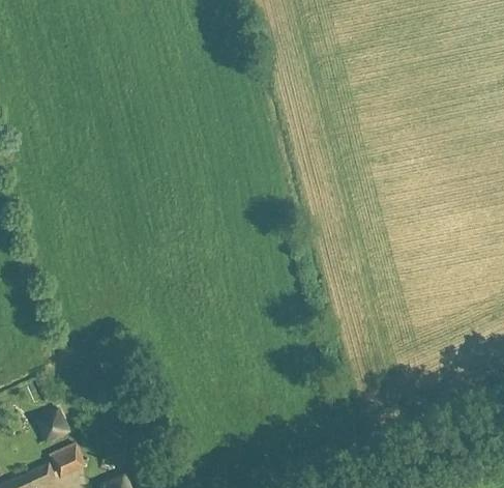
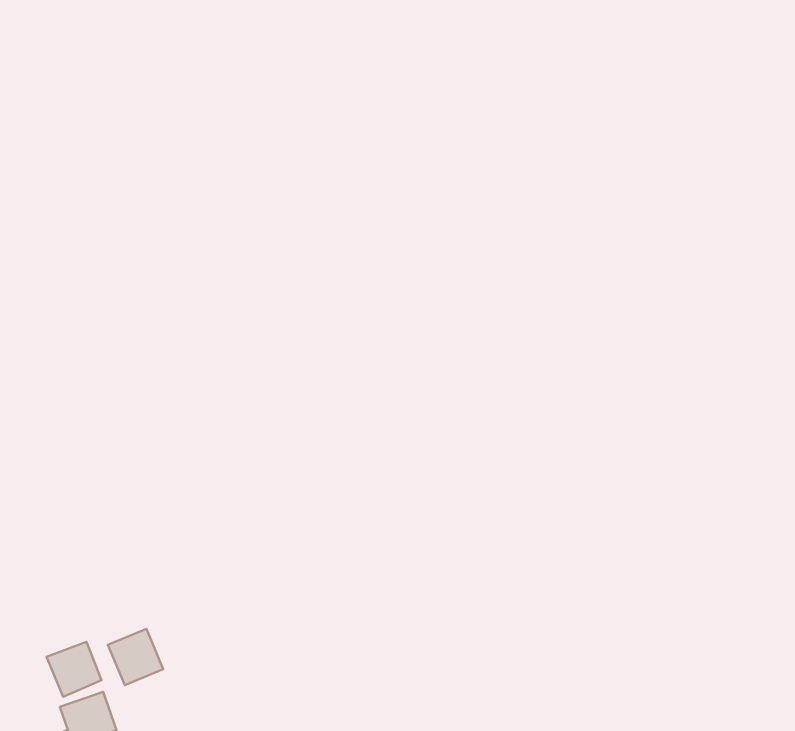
building: none -> [108,629,163,685]

